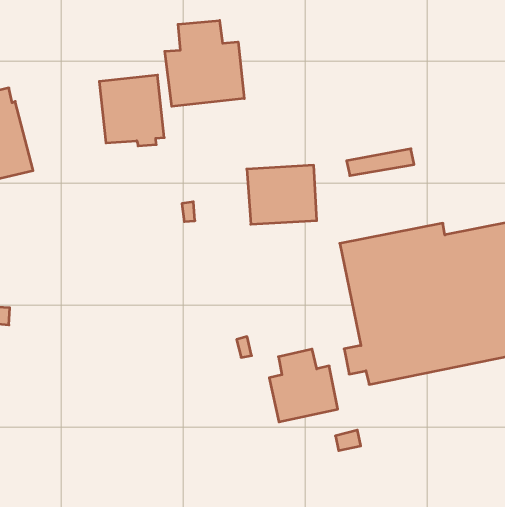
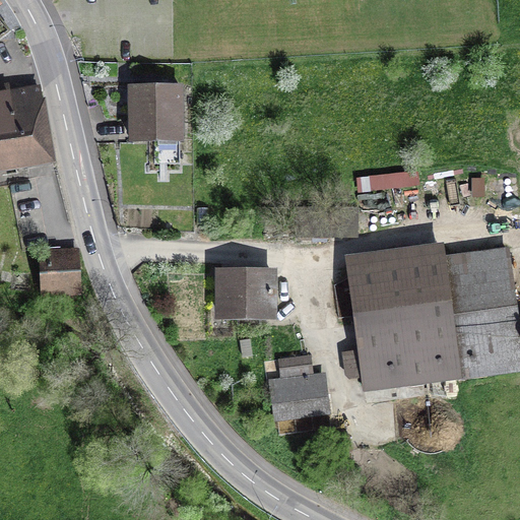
building: [165,20,244,106] -> none
building: [247,165,317,224] -> [213,267,277,321]
building: none -> [38,246,81,298]

